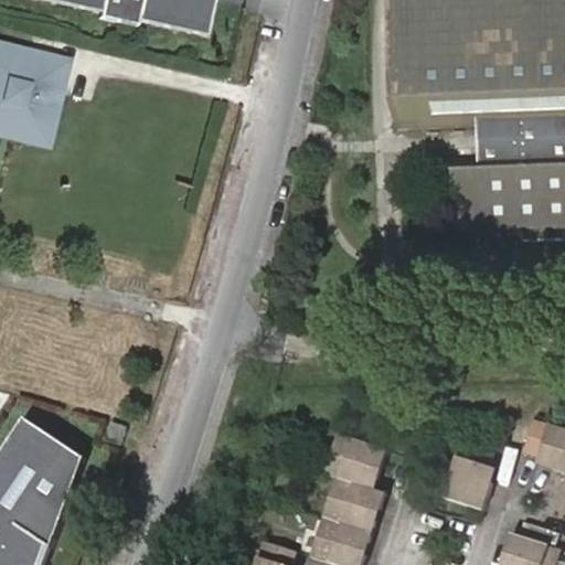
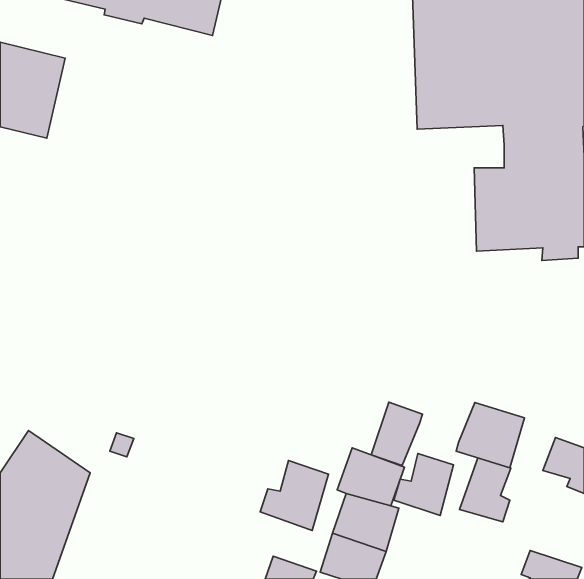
building: none -> [371,402,423,466]
building: none -> [456,403,524,468]
building: none -> [394,454,454,516]
building: none -> [260,461,328,531]

